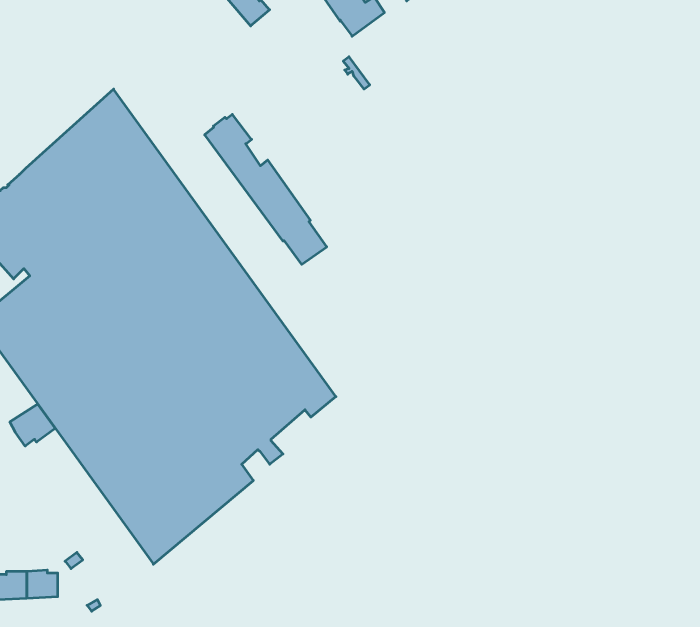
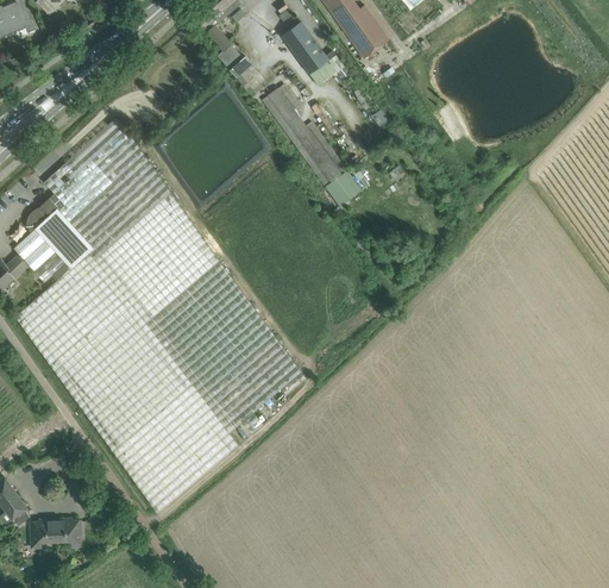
building: [205,114,327,264] -> [262,83,360,205]
building: [10,404,55,446] -> none

